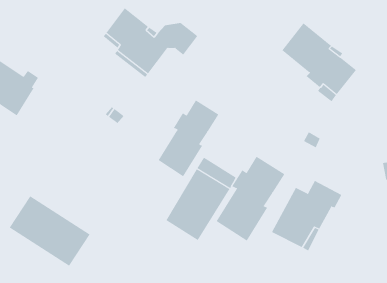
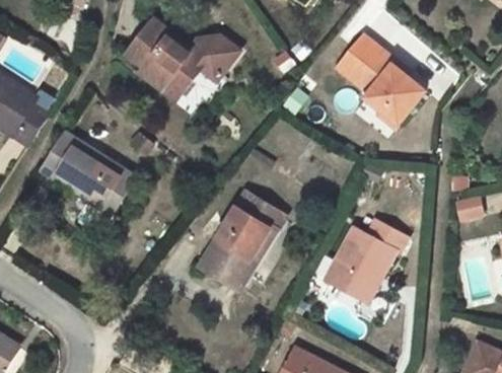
building: [158,99,219,177] -> none
building: [216,156,285,242] -> none
building: [9,195,90,267] -> [42,132,137,215]

